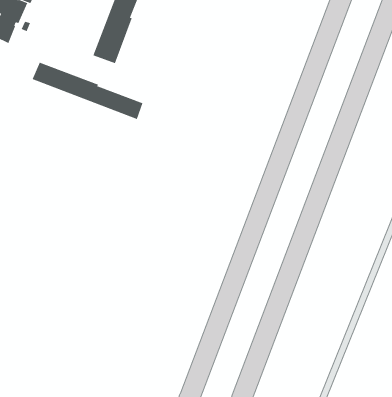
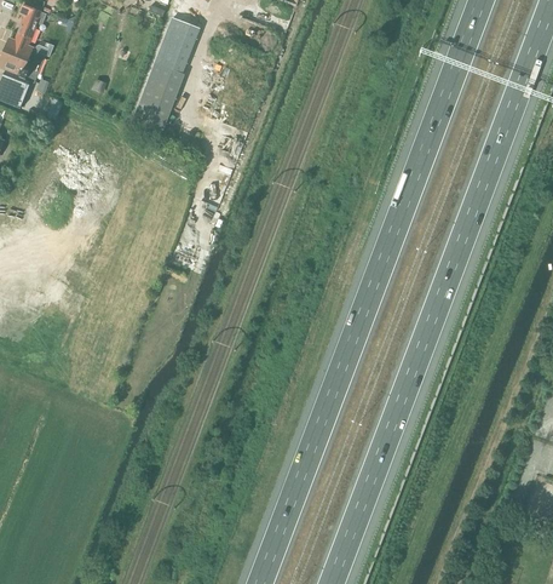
building: [32,62,143,120] -> none

